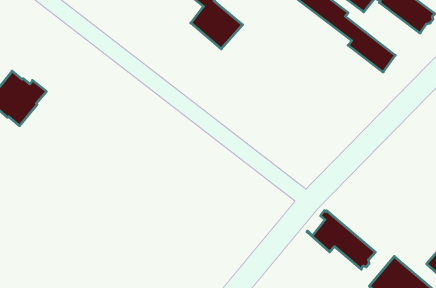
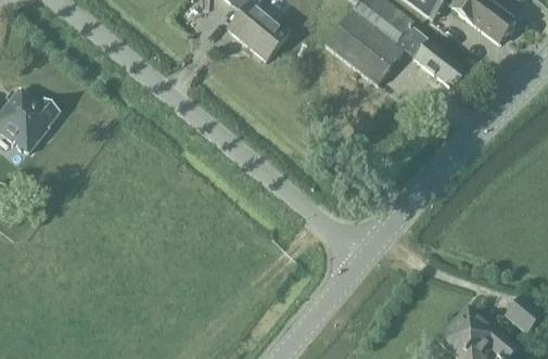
building: none -> [326,9,404,84]
building: [307,211,375,269] -> none

